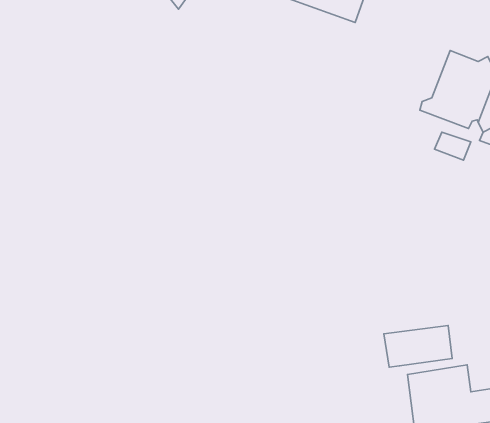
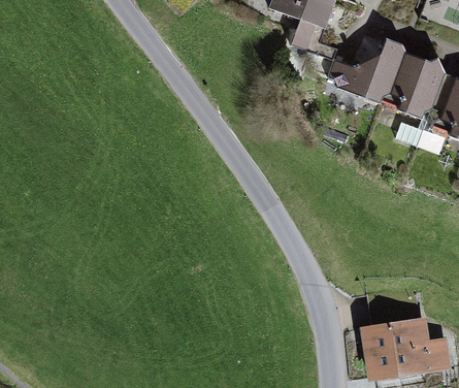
building: none -> [327,37,406,101]
building: [384,326,452,367] -> none

